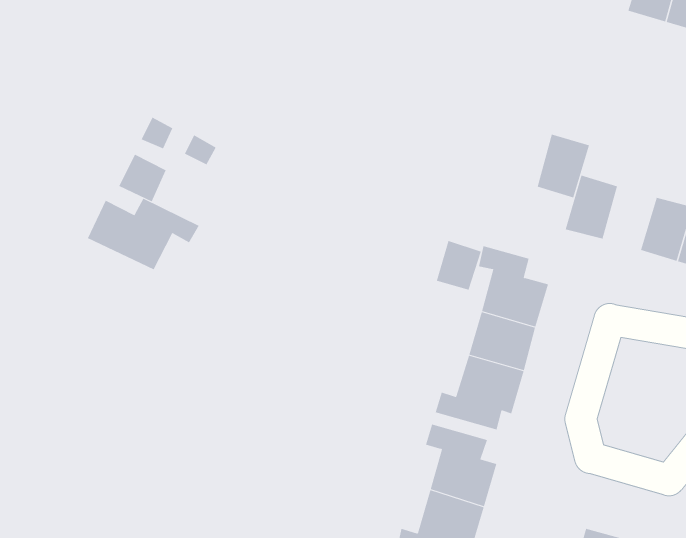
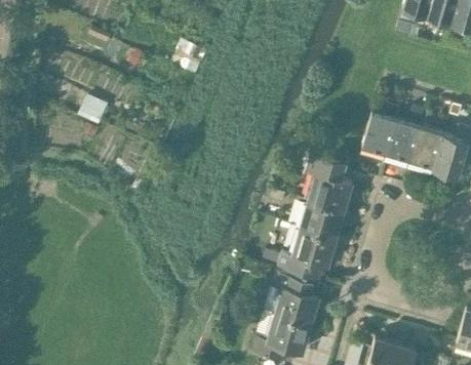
building: [537,134,590,198] -> [386,121,420,162]
building: [87,198,199,270] -> none
building: [436,240,482,291] -> none

